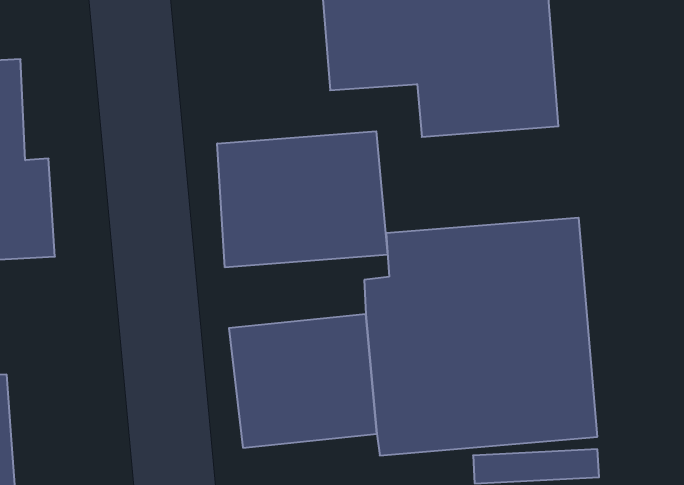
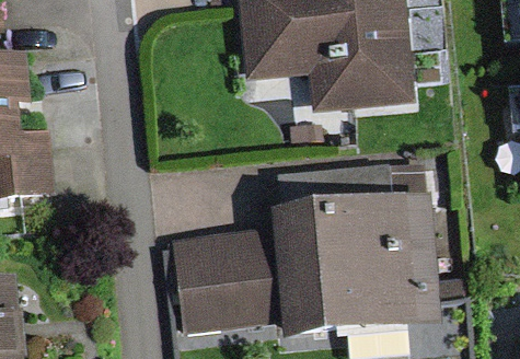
building: [217,131,388,267] -> none

